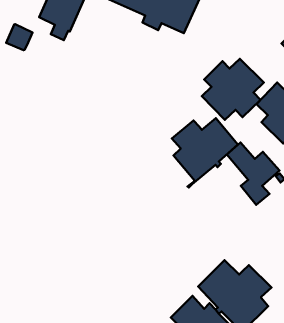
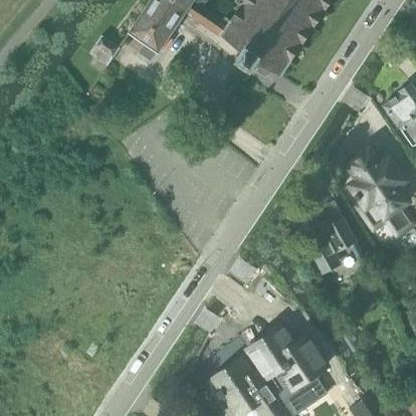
building: [202,59,264,120] -> none
building: [172,118,238,188] -> none

